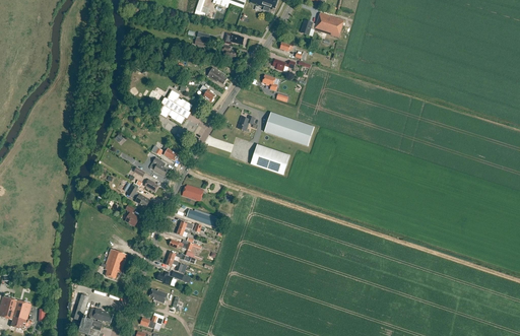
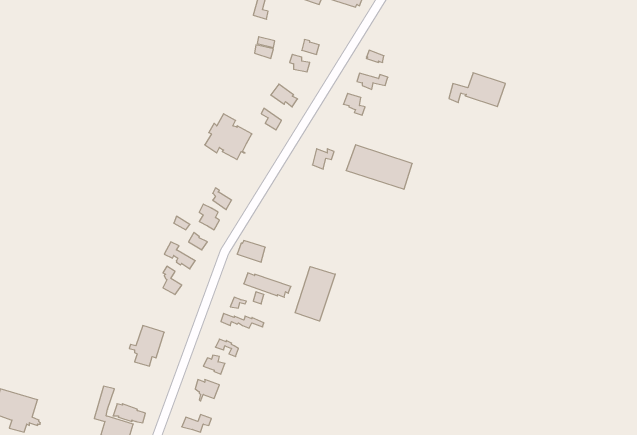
building: [302,12,344,38] -> [449,73,505,107]
building: [250,144,289,175] -> none
building: none -> [295,267,335,321]

